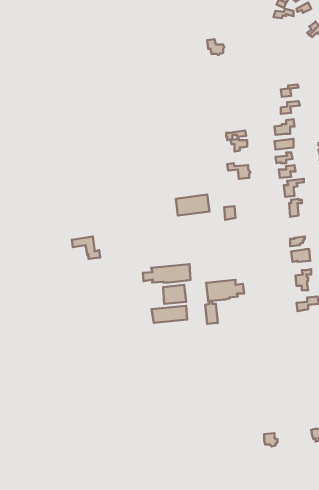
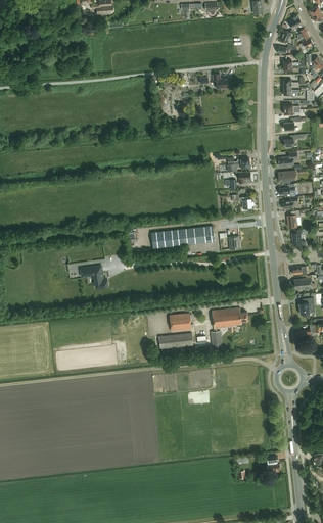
building: none -> [151,229,184,248]
building: [143,264,191,283] -> none

